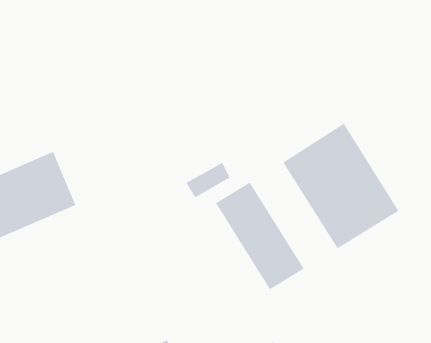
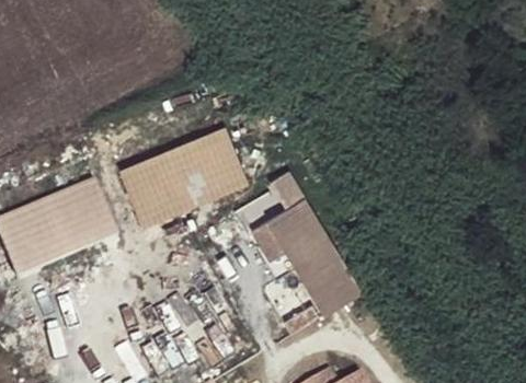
building: none -> [133,130,255,224]
building: [283,123,399,249] -> none

